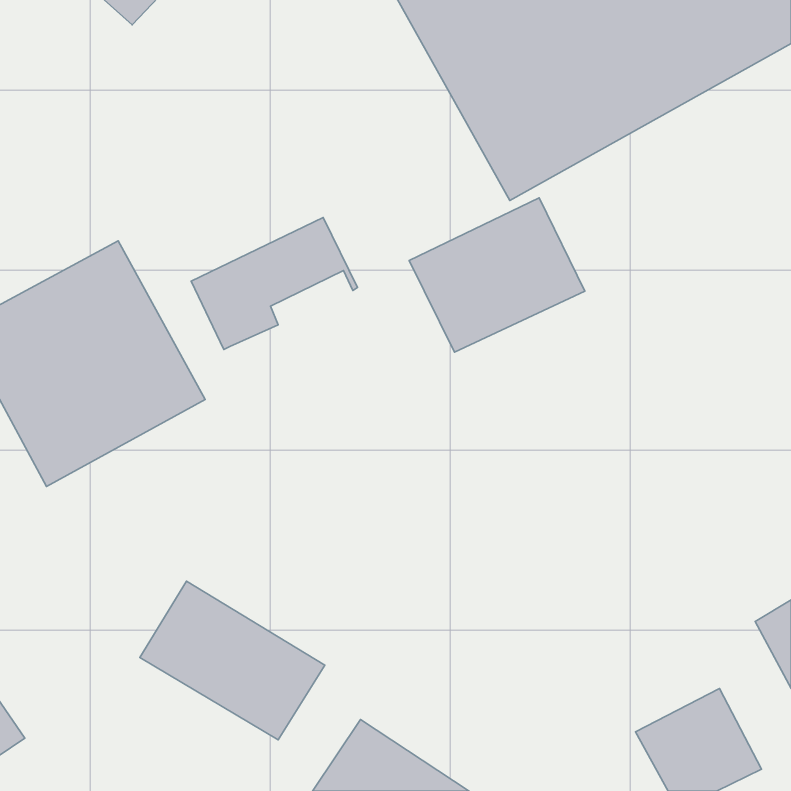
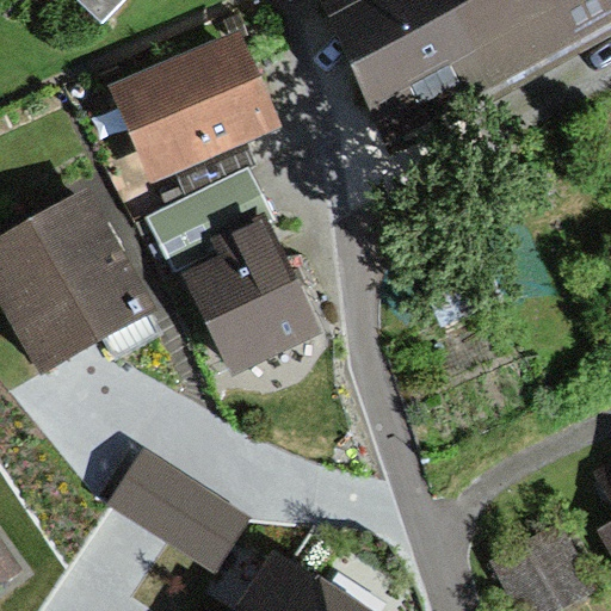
building: none -> [107,27,280,184]
building: [409,198,585,352] -> none
building: none -> [177,208,323,375]

